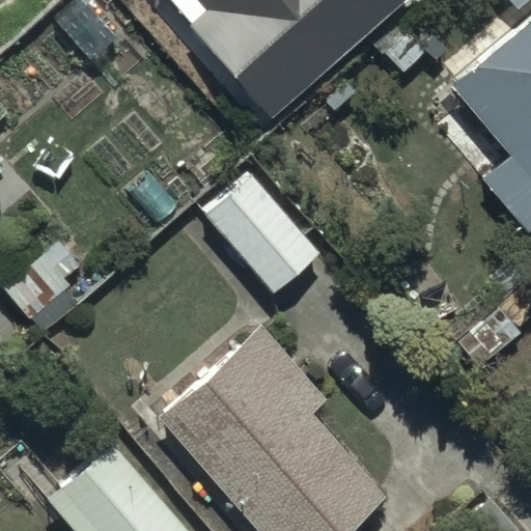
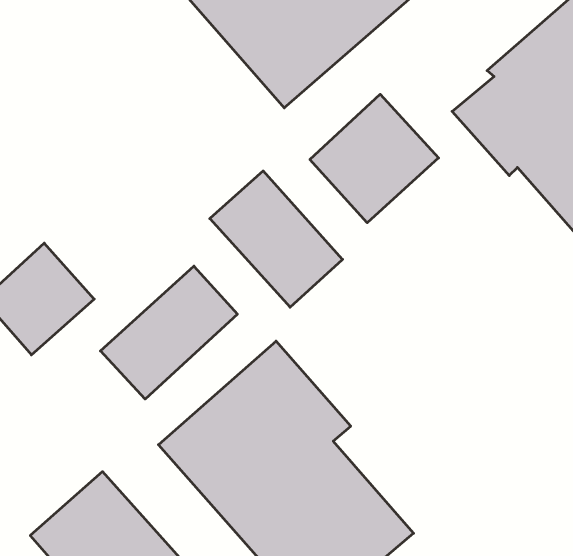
building: none -> [310,94,439,223]
building: none -> [100,266,237,399]

